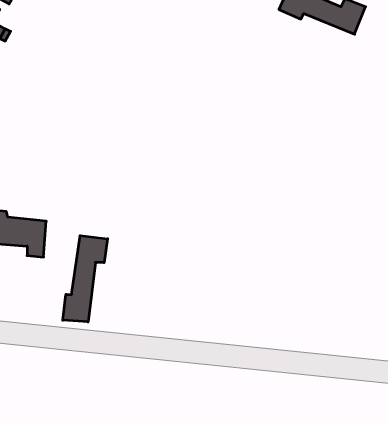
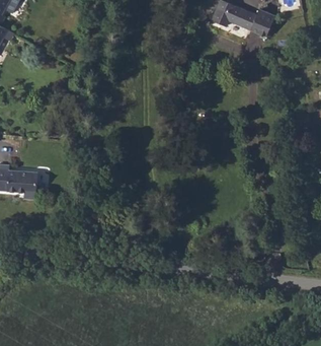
building: [63,236,108,322] -> none

